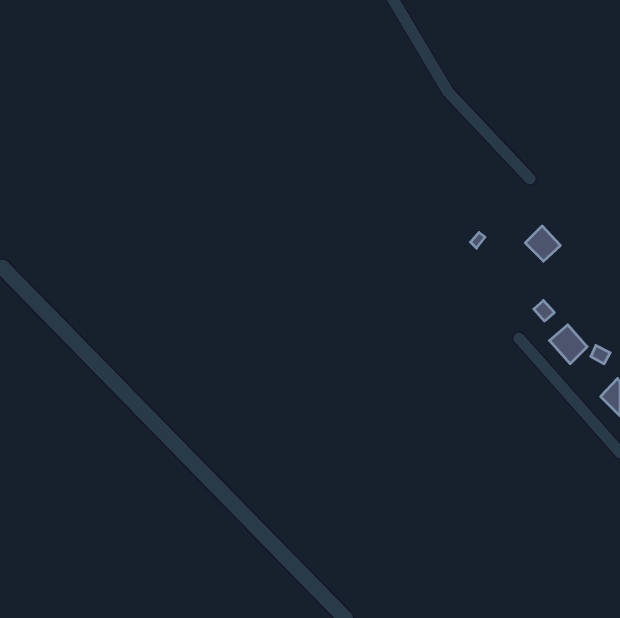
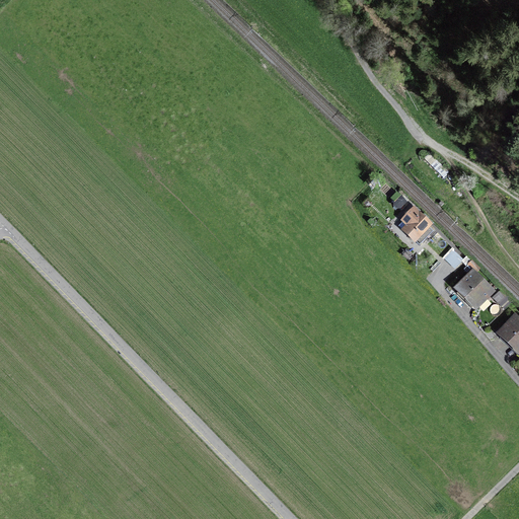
building: [525,226,560,261] -> [399,212,429,241]

